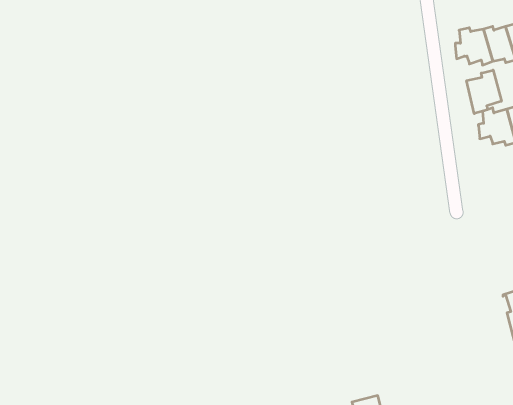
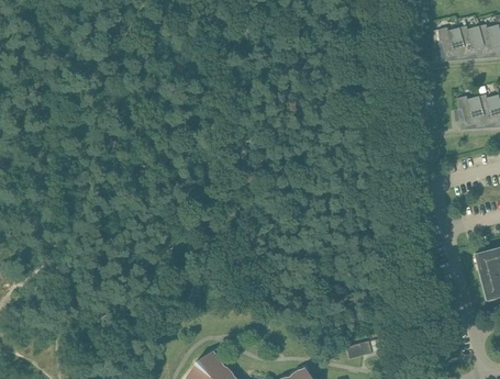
building: [467,70,501,114] -> none

